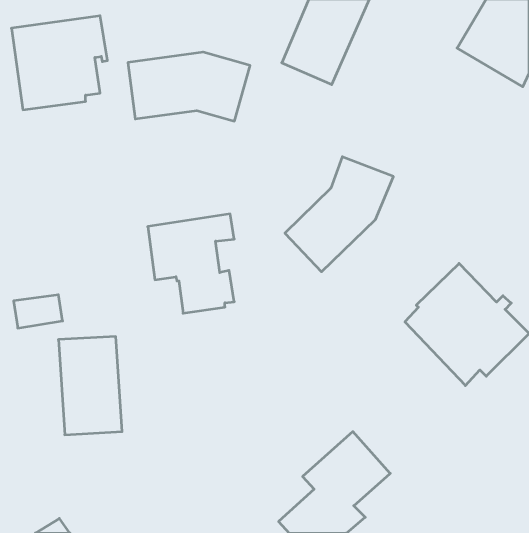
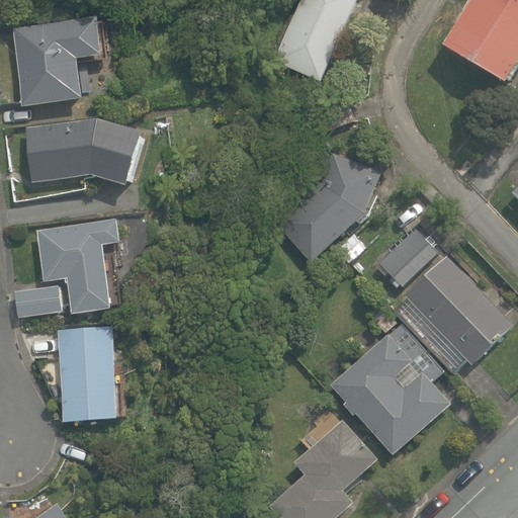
building: [128,52,250,121] -> [24,117,143,184]
building: [148,214,234,313] -> [36,218,120,314]
building: none -> [376,227,438,287]
building: none -> [330,323,450,454]

